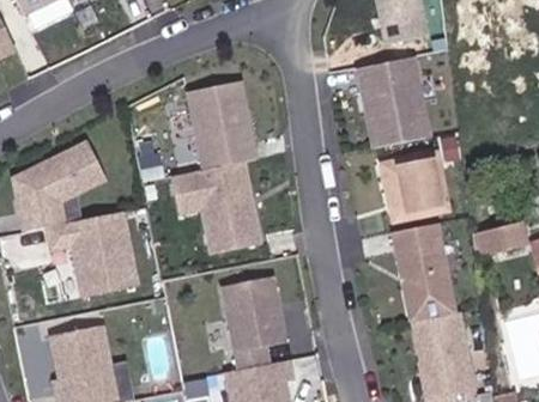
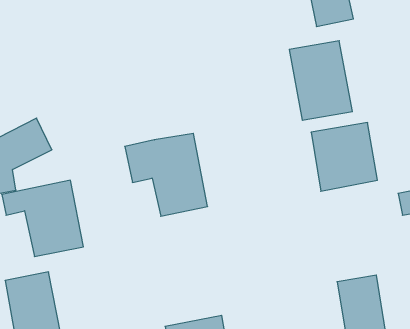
building: [195,77,267,168] -> none
building: [393,225,454,322] -> none
building: [219,278,284,368] -> none

